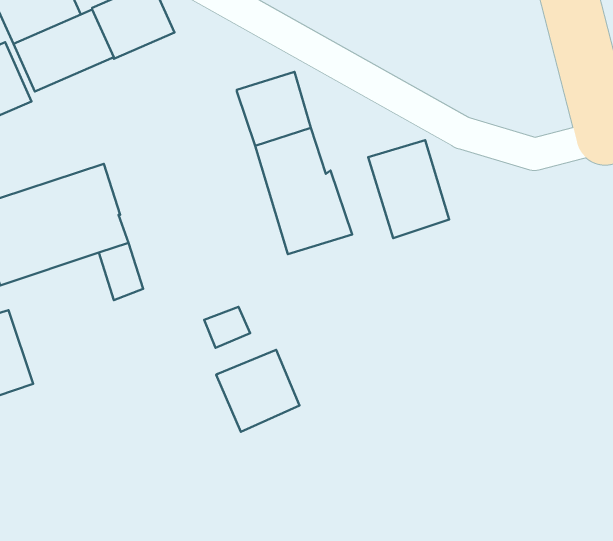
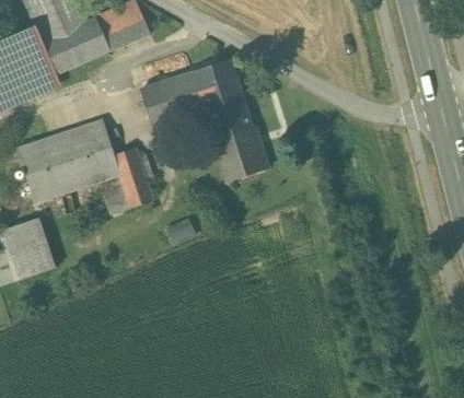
building: none -> [141,72,205,126]
building: [368,140,449,238] -> none
building: none -> [114,148,152,207]
building: [216,350,299,432] -> none

